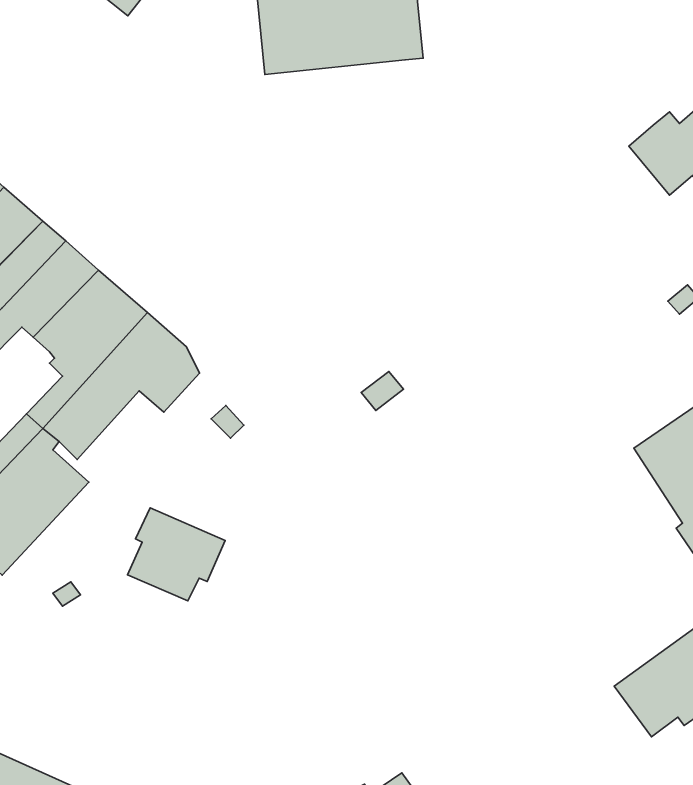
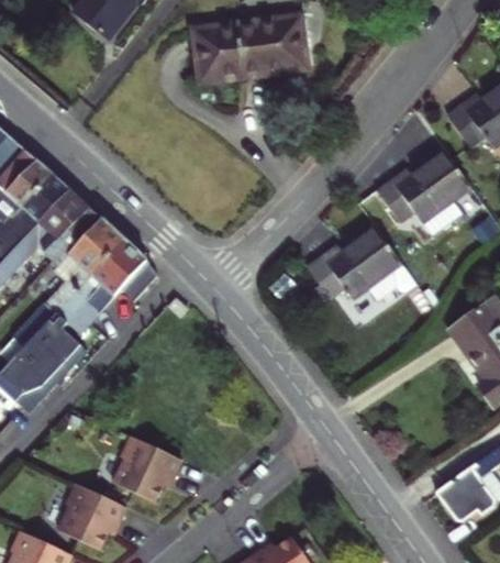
building: none -> [378,154,469,238]
building: none -> [302,230,413,302]
building: [127,508,225,601] -> [114,437,180,499]
building: none -> [62,485,127,548]

